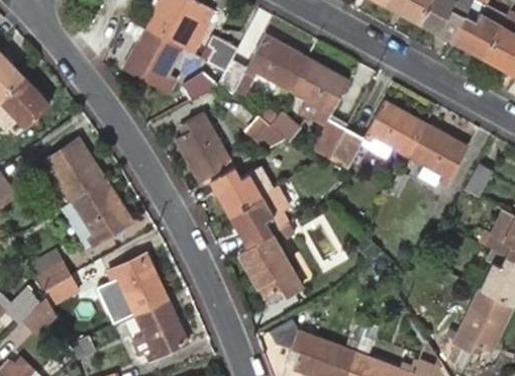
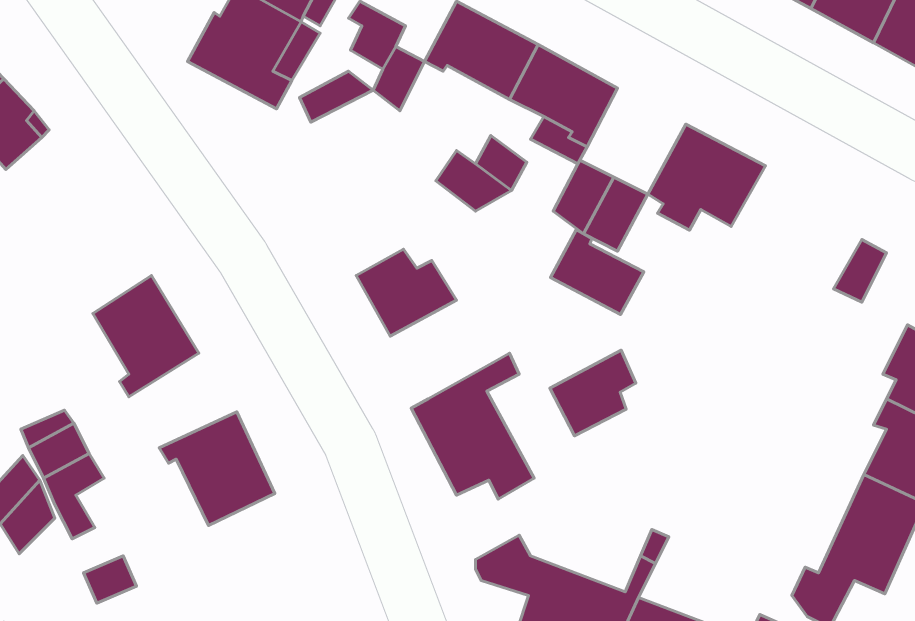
building: [175,113,236,187] -> none
building: [411,123,472,186] -> none
building: [44,140,102,202] -> none
building: none -> [551,230,644,314]
building: [229,195,284,248] -> none
building: none -> [550,350,636,436]
building: [121,298,187,361] -> none

